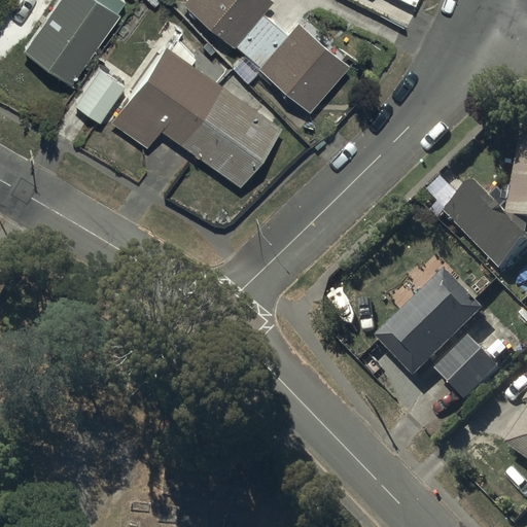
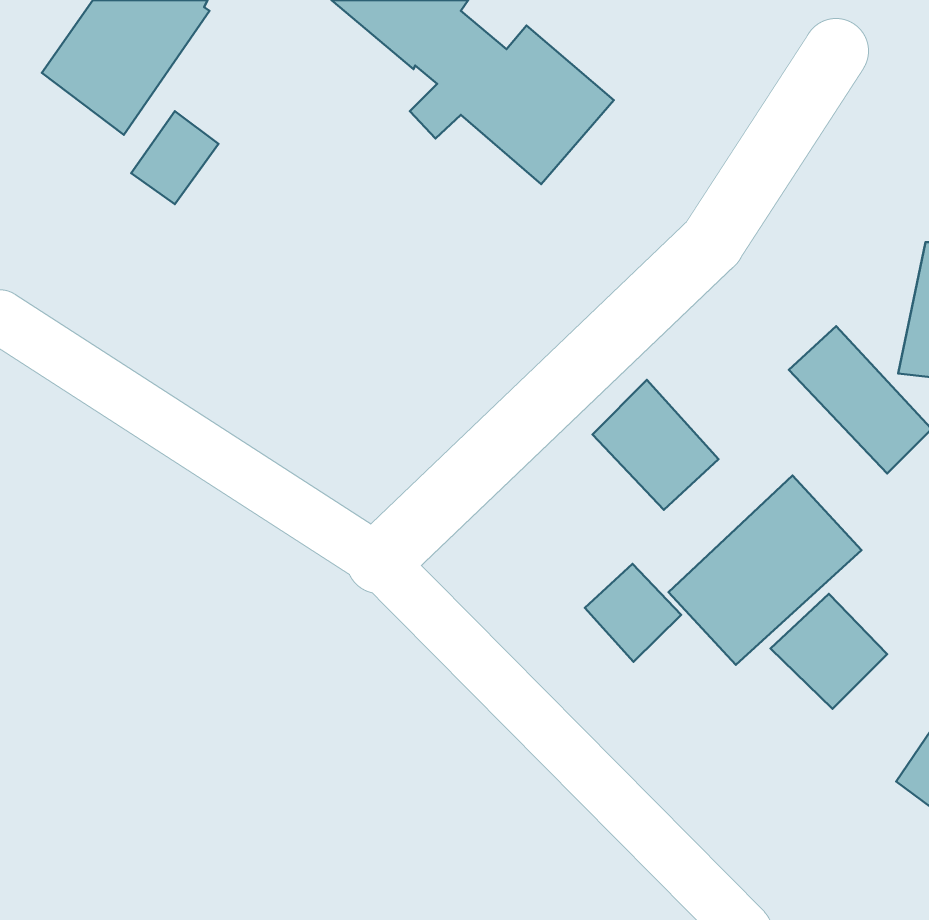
building: [111,45,280,184] -> none
building: none -> [592,380,718,510]
building: none -> [585,564,681,662]

